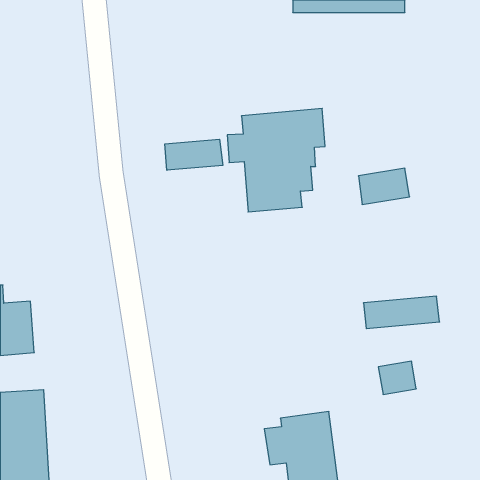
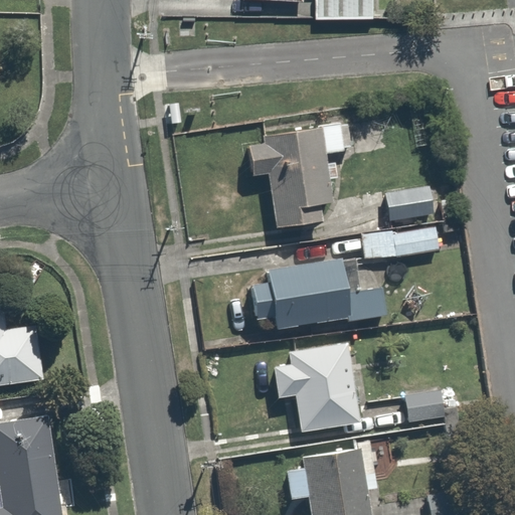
building: [165,139,223,170] -> none
building: none -> [250,266,386,325]
building: [363,296,440,329] -> [361,226,442,261]
building: none -> [272,340,357,432]

